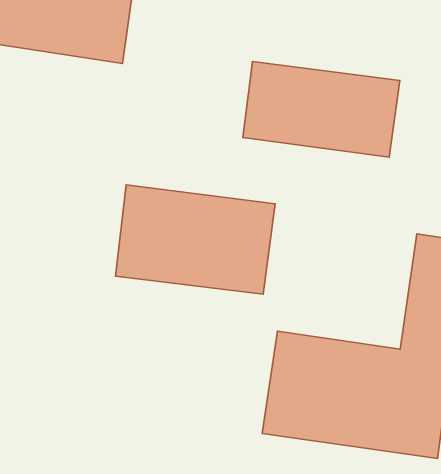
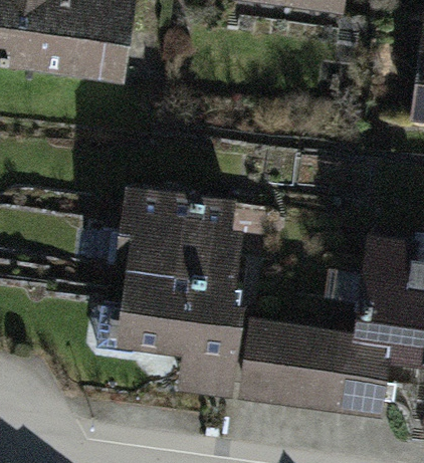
building: [243,62,400,157] -> none
building: none -> [112,263,244,393]

